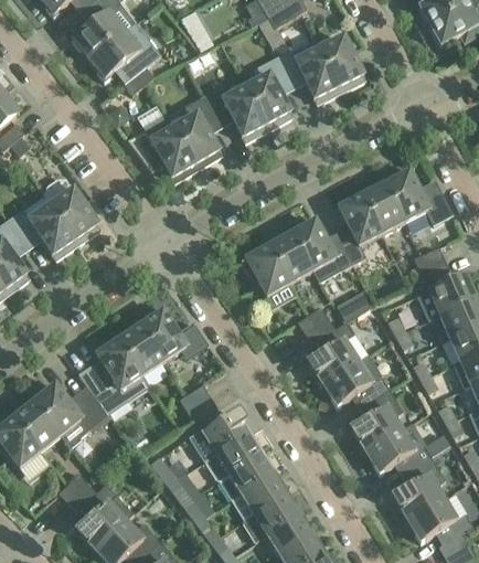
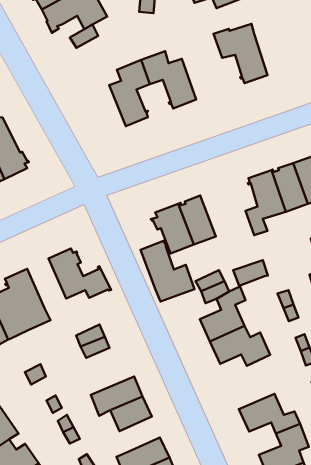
building: [319,38,364,91] -> none
building: [246,55,291,128] -> none
building: [127,116,198,181] -> none
building: [288,216,352,282] -> [140,241,195,302]
building: [116,321,162,375] -> none
building: [351,387,403,450] -> none
building: [202,412,247,453] -> none
building: [241,472,285,513] -> none

